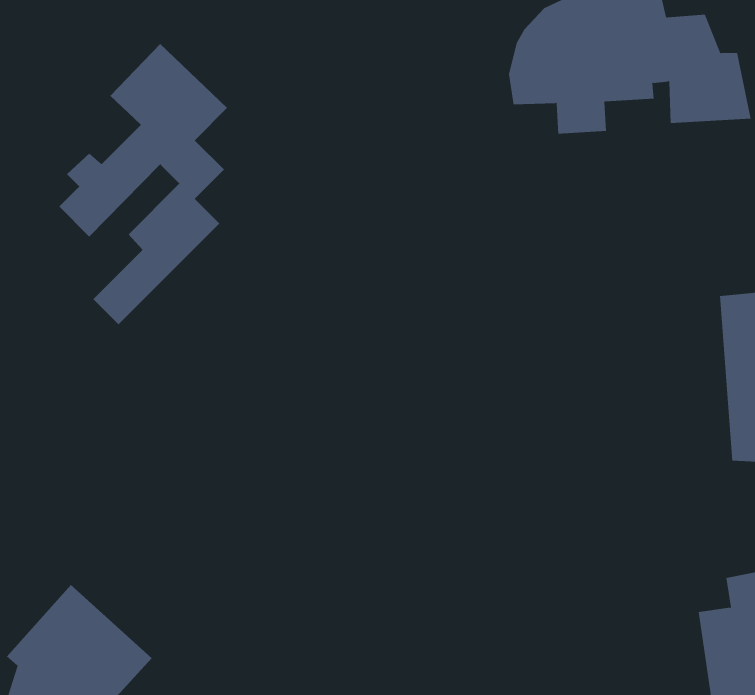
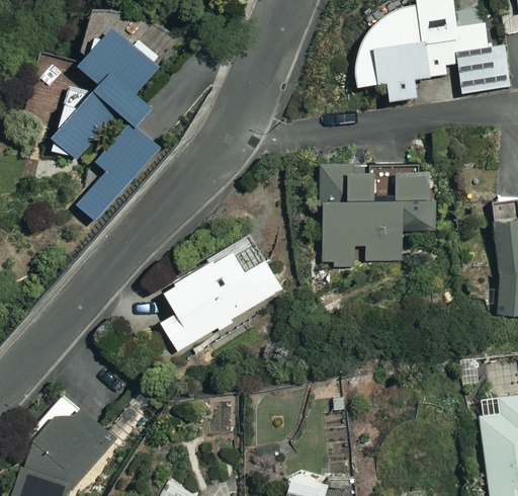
building: none -> [320,164,432,271]
building: none -> [159,243,284,353]

